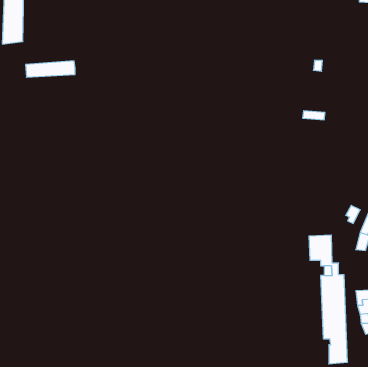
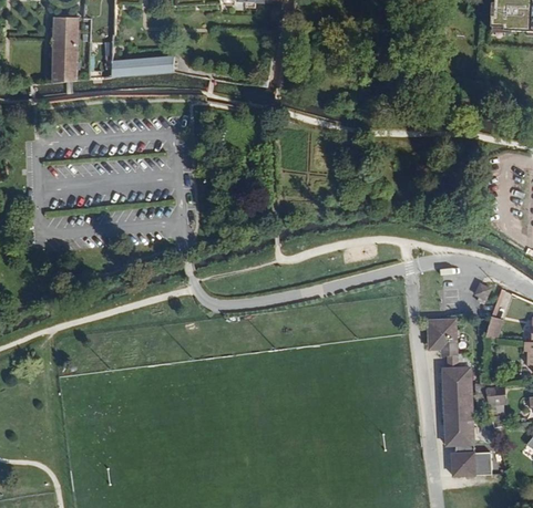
building: [26,61,75,77] -> [111,54,172,74]

